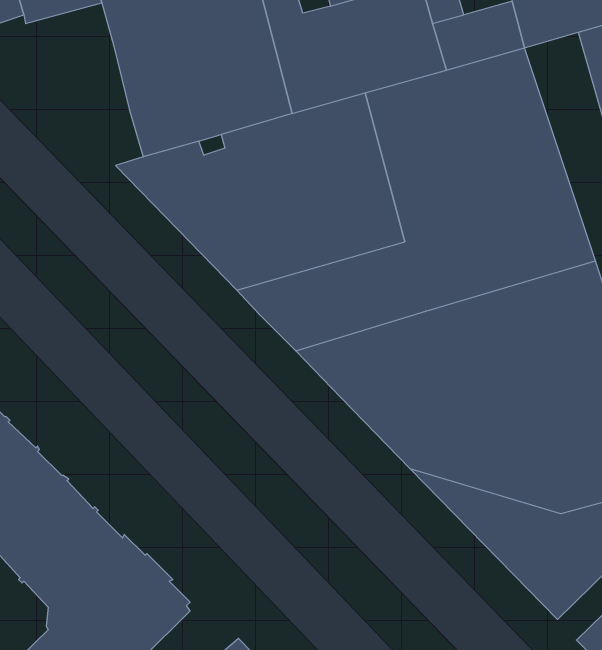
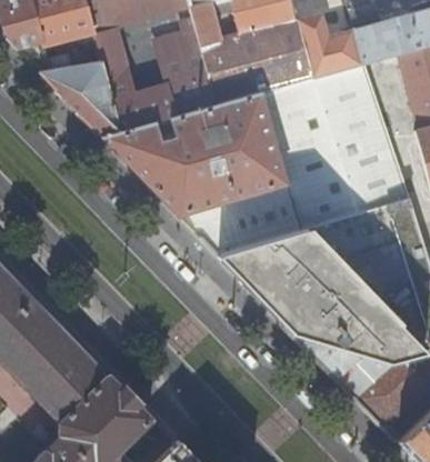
building: none -> [41,54,120,138]

